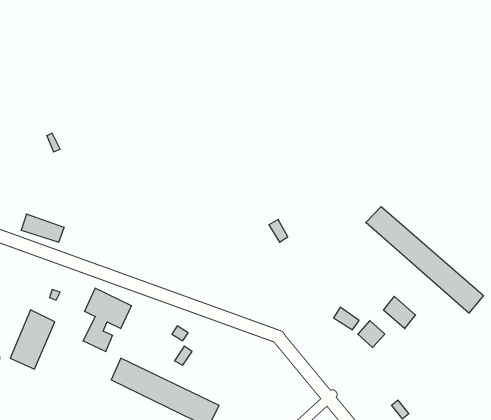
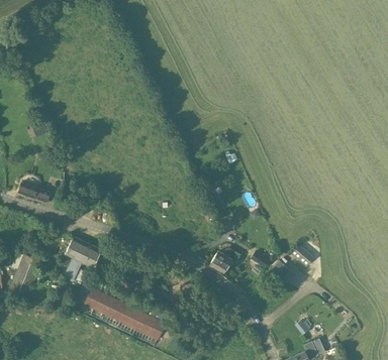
building: [366,207,483,313] -> none
building: none -> [210,246,241,272]

